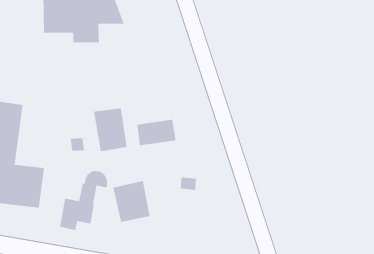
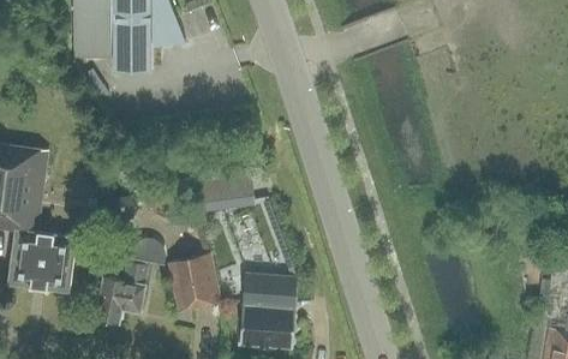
building: [93,107,127,152] -> none
building: none -> [239,273,298,348]

